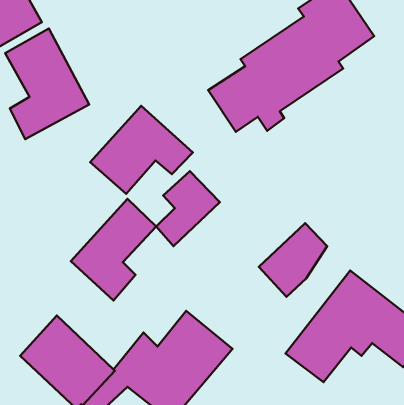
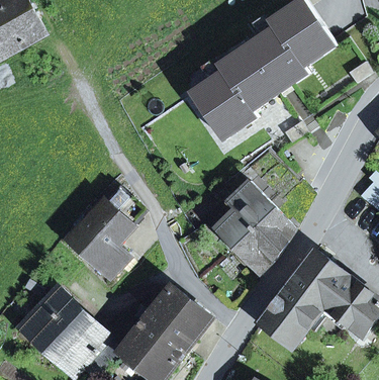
building: [5,29,89,139] -> none
building: [90,106,193,194] -> none
building: [156,171,220,246] -> [218,181,274,247]

